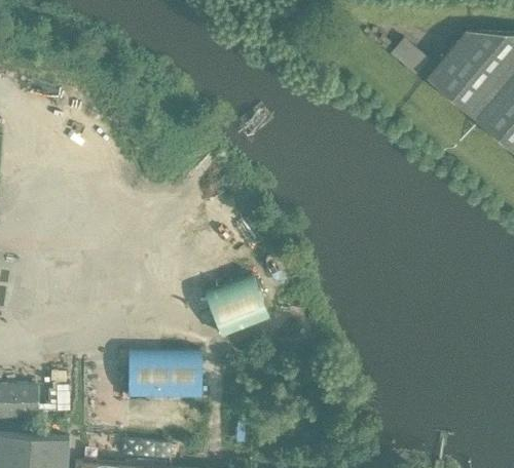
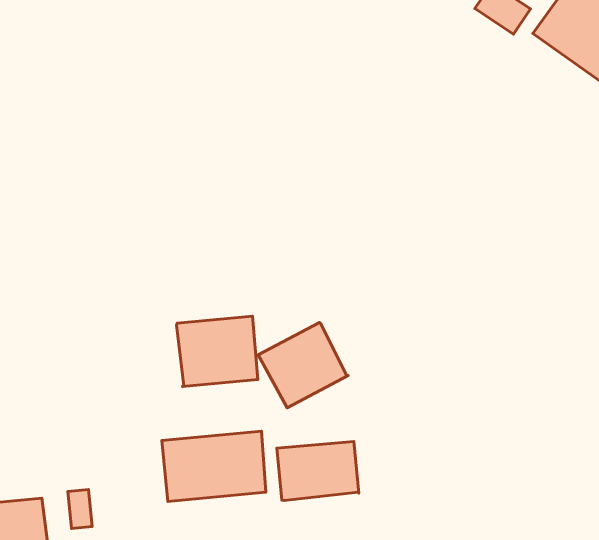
building: none -> [177,316,258,387]
building: none -> [277,441,359,500]

